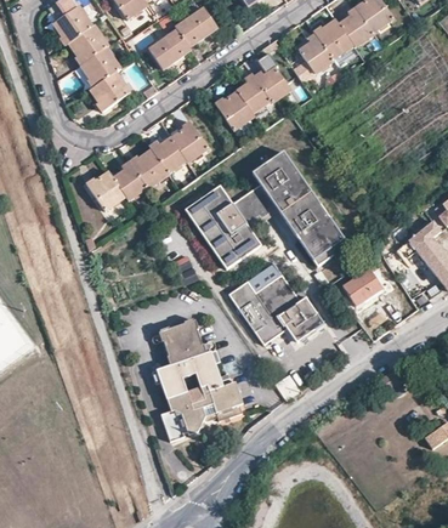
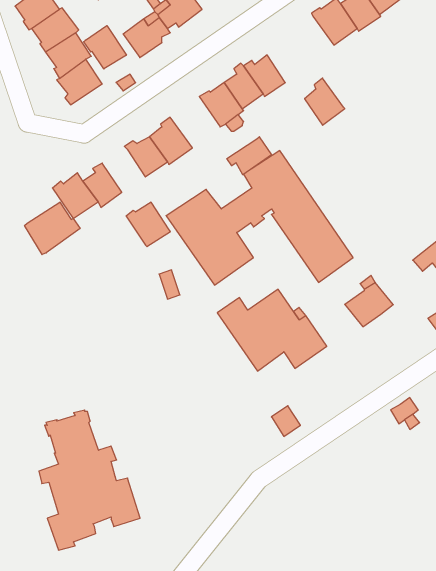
building: [297,33,333,74] -> [305,78,345,125]
building: none -> [84,26,126,69]
building: none -> [227,137,271,175]
building: [129,149,168,188] -> [126,202,170,247]
building: none -> [25,202,80,255]
building: [152,314,240,437] -> [39,410,140,550]

